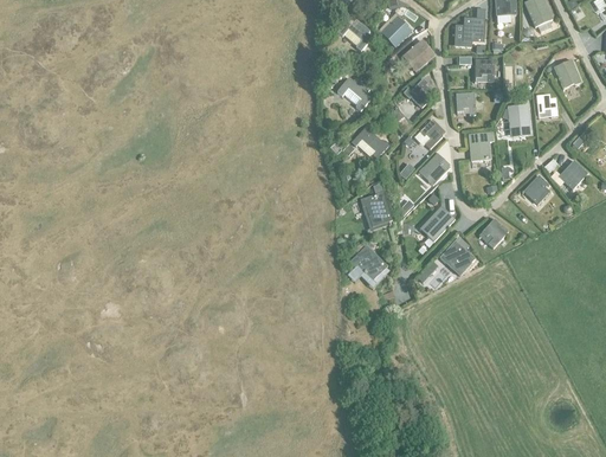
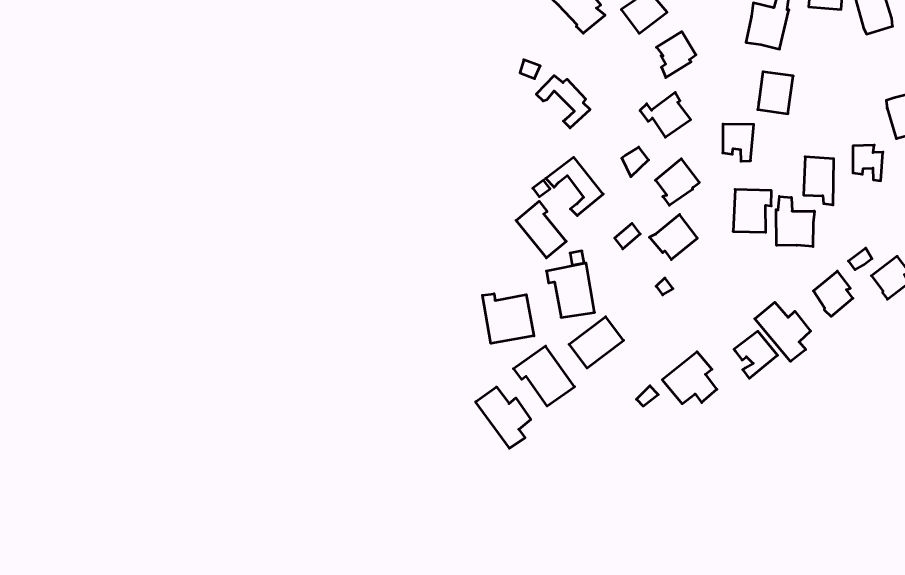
building: none -> [776,196,814,247]
building: none -> [516,201,566,258]
building: none -> [755,302,811,361]
building: [420,206,453,239] -> [569,317,624,368]
building: none -> [482,294,534,343]
building: none -> [476,387,531,448]

